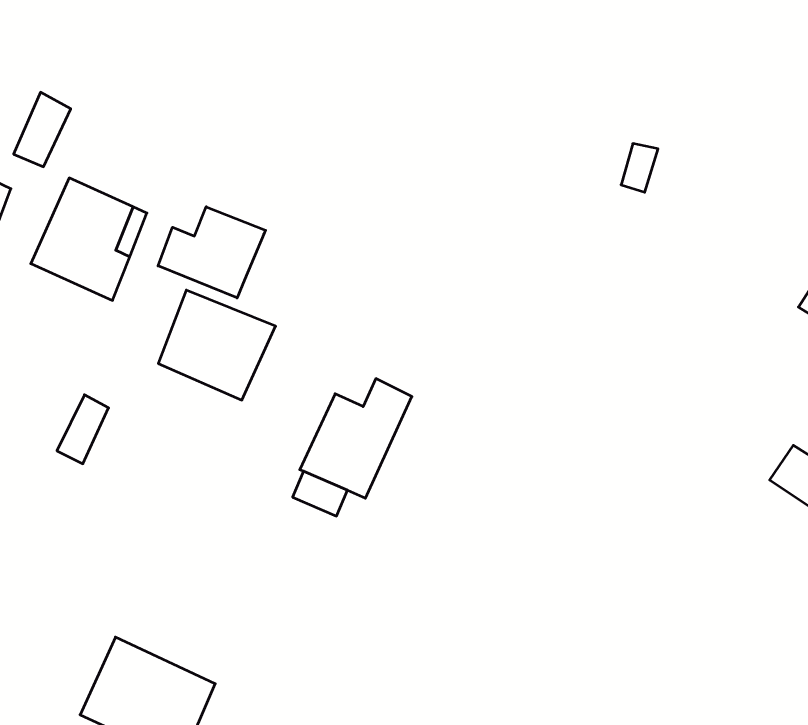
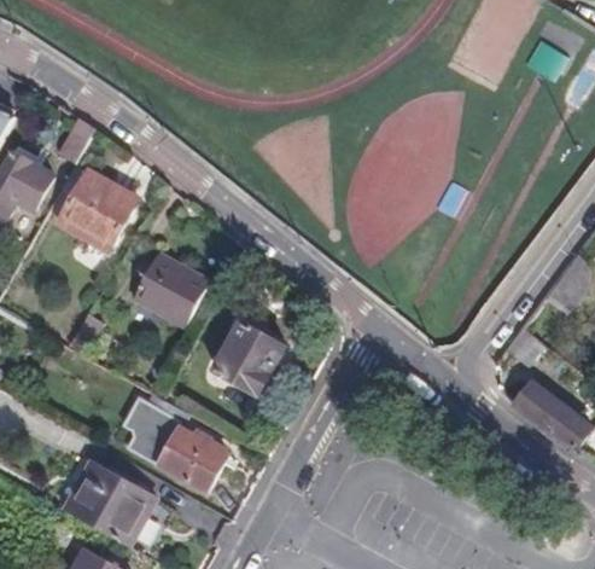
building: [158,207,266,298] -> none
building: none -> [119,399,227,490]

